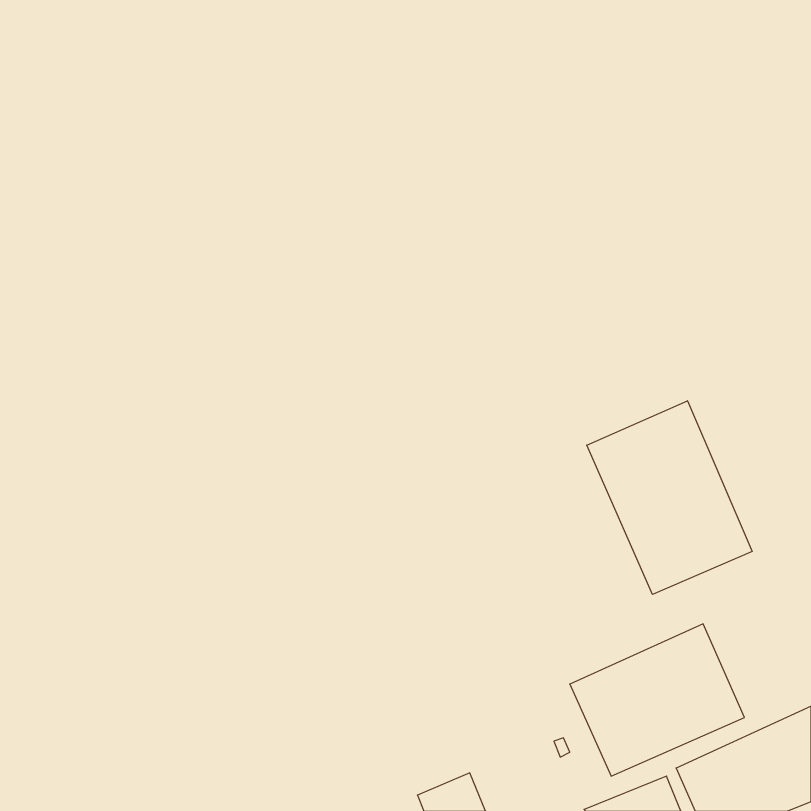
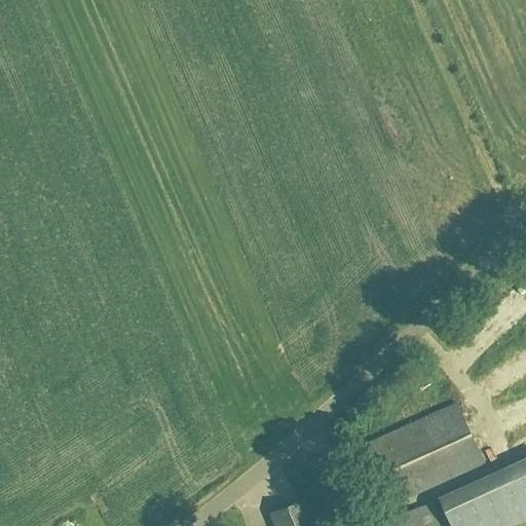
building: [587,401,752,594] -> none

